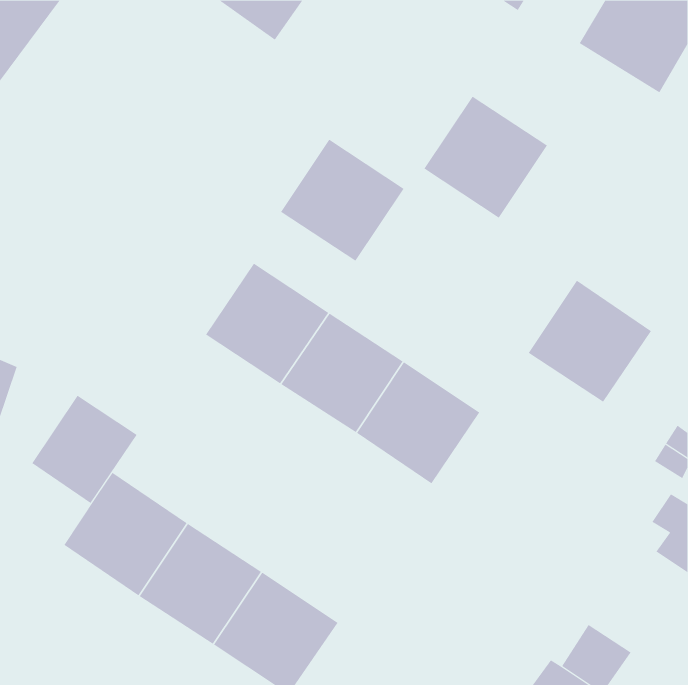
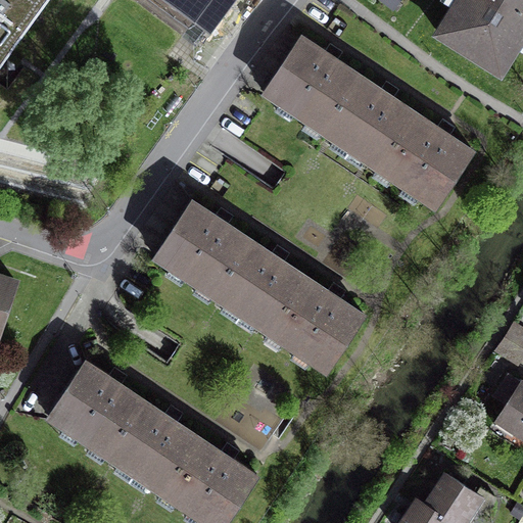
building: [280,139,404,262] -> [264,38,358,131]
building: [528,280,652,403] -> [378,113,472,206]
building: [32,395,137,504] -> none

